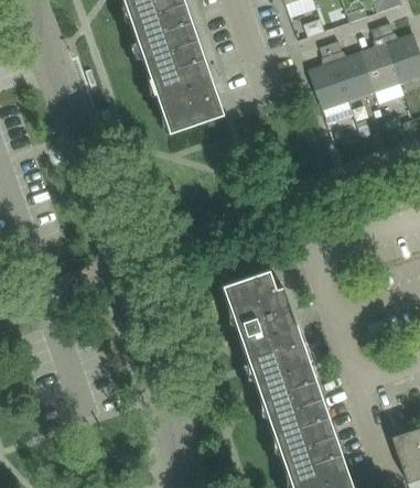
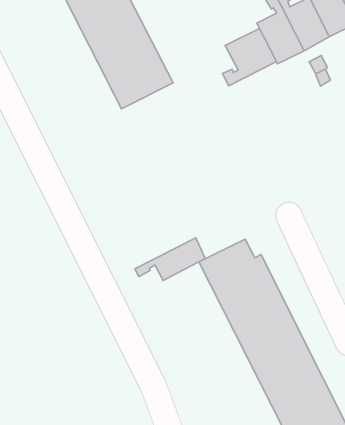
building: none -> [222,28,276,86]
building: none -> [135,238,205,280]

